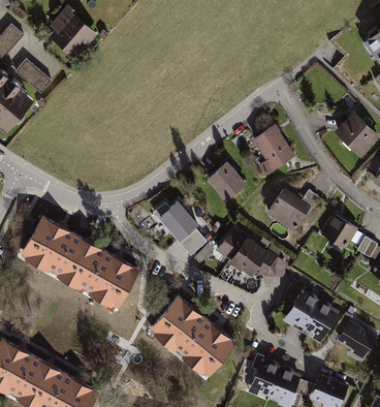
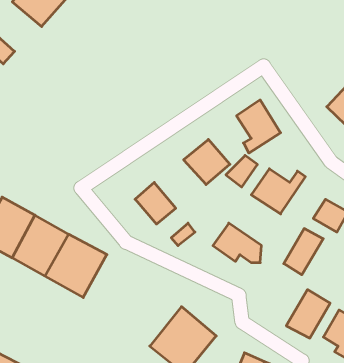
building: [217,230,246,259] -> [226,155,257,187]
building: [282,290,318,333] -> [284,229,323,275]
building: [146,292,202,351] -> none

